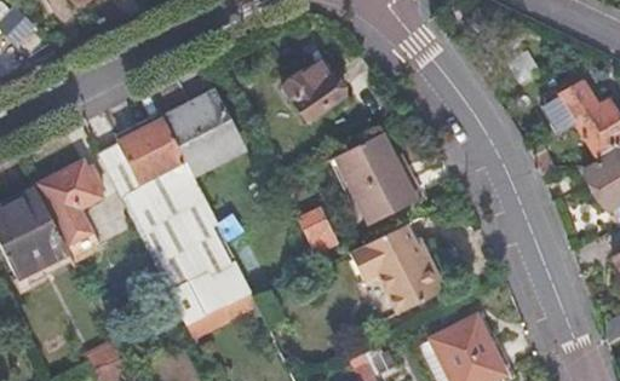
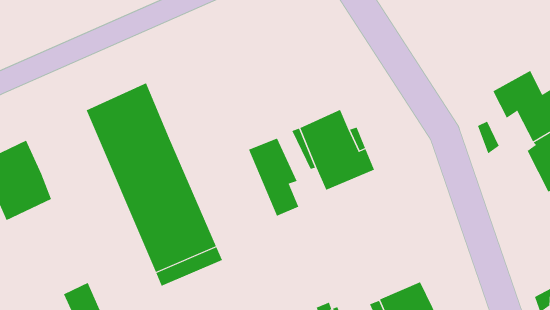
building: [283,62,346,121] -> none
building: [165,92,245,177] -> none
building: [41,162,104,261] -> none
building: [350,224,446,321] -> none

